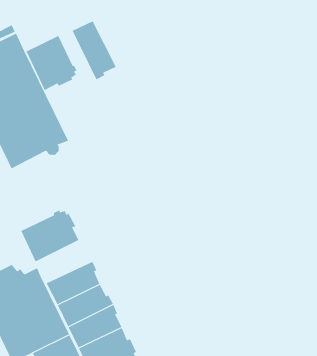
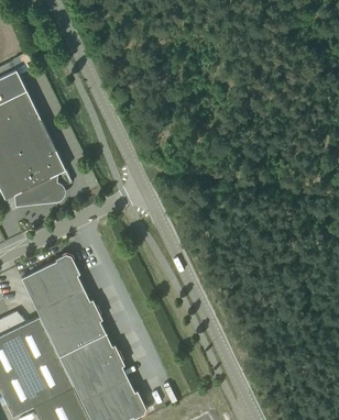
building: [72,20,116,80] -> none
building: [26,35,77,91] -> none
building: none -> [37,289,98,334]

